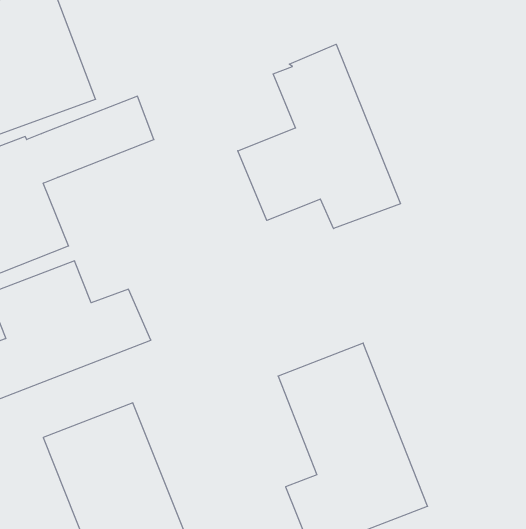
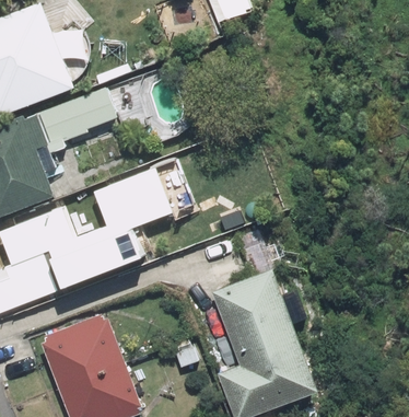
building: [238,44,401,229] -> none
building: none -> [87,166,171,265]

